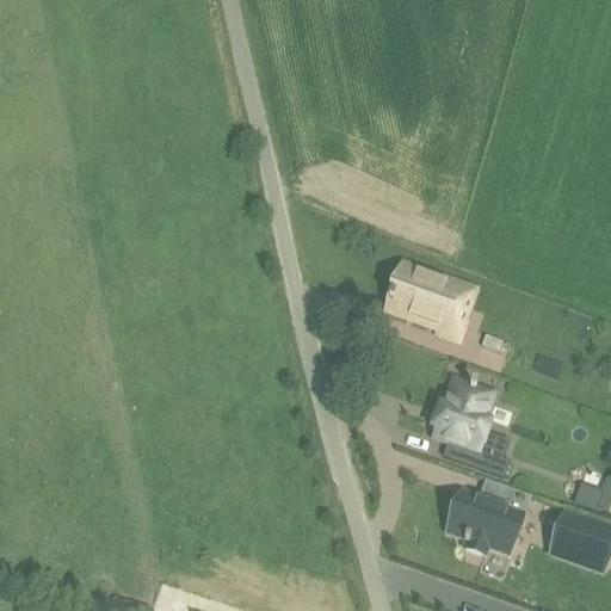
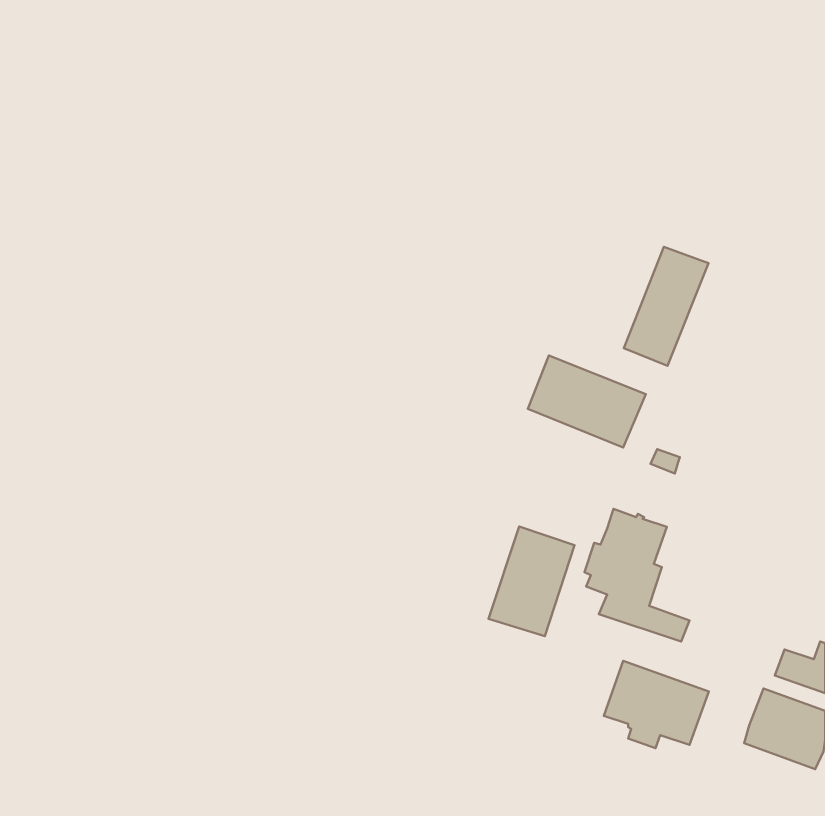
building: none -> [624,247,708,366]
building: none -> [489,526,575,636]

